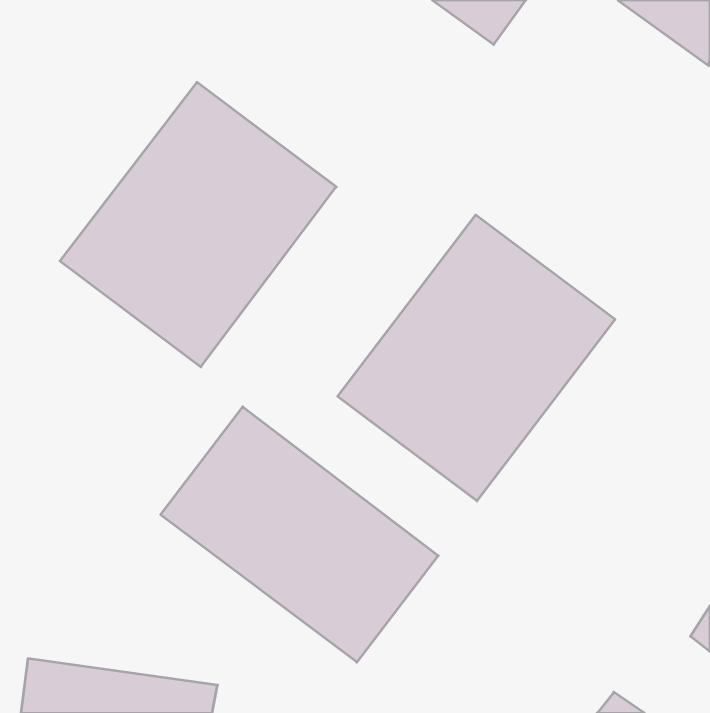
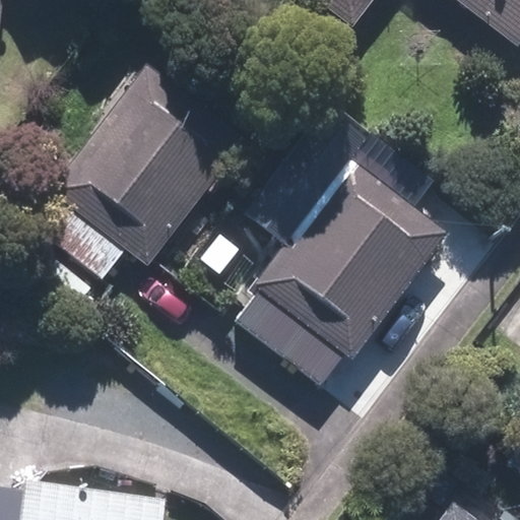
building: [161,407,438,662] -> none

